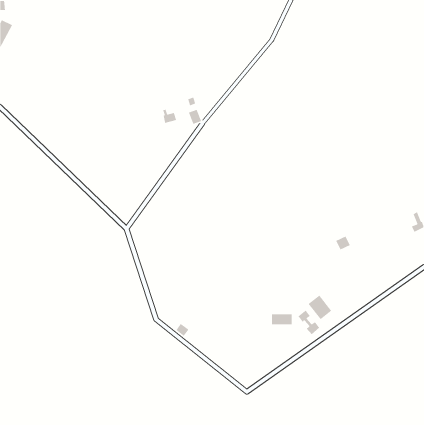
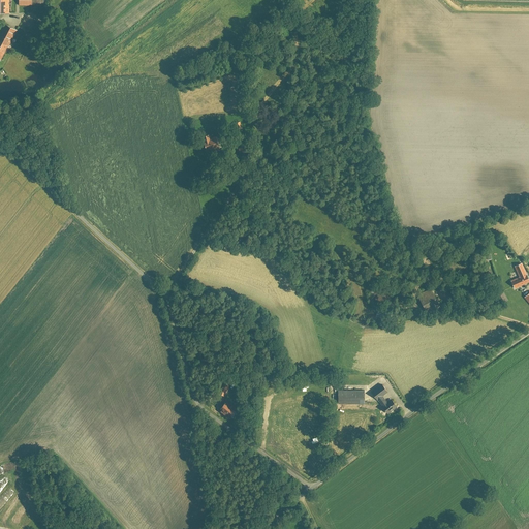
building: [308,295,332,320] -> none

